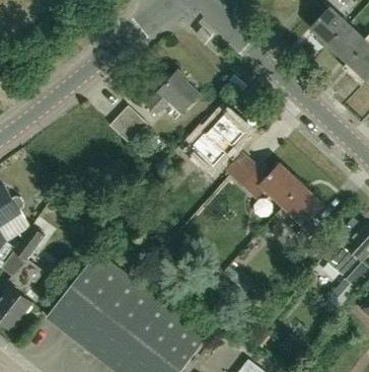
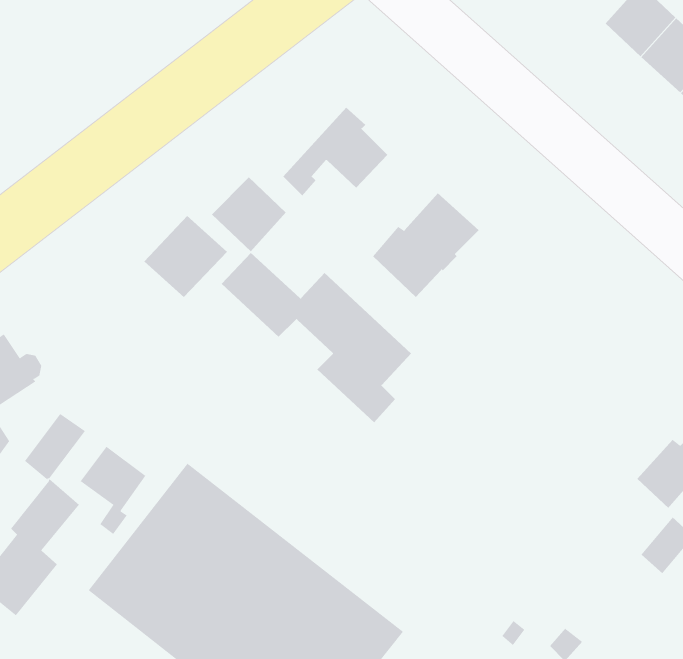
building: none -> [143,215,228,298]
building: [226,154,323,241] -> [221,252,412,423]
building: none -> [80,446,146,535]

